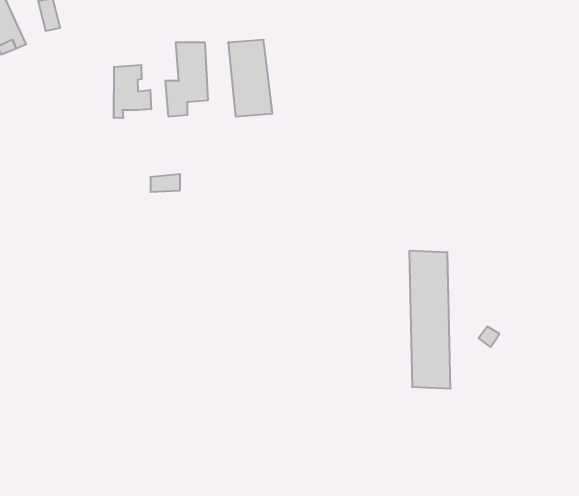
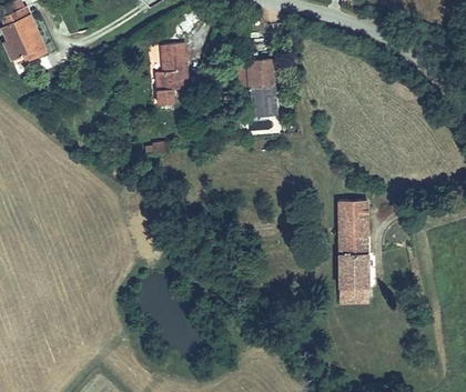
building: [228,40,272,117] -> [246,59,280,117]
building: [114,65,151,118] -> none

